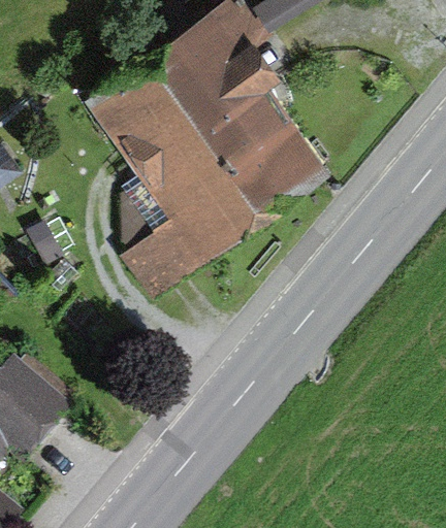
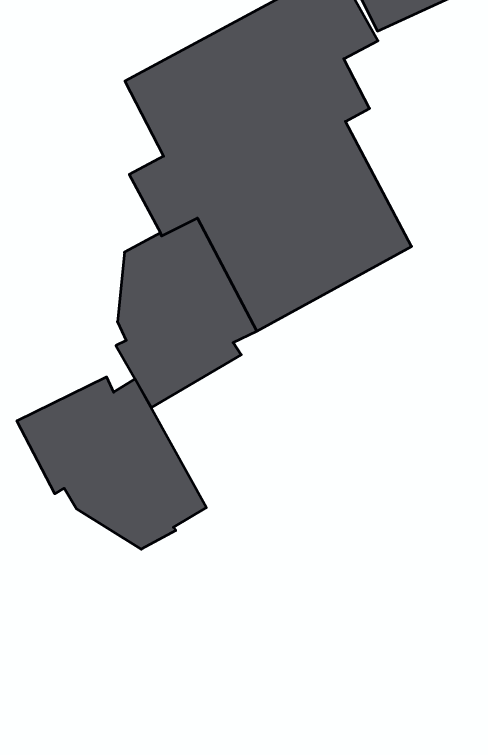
building: none -> [17,377,206,549]

